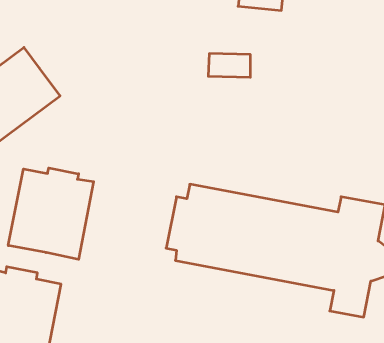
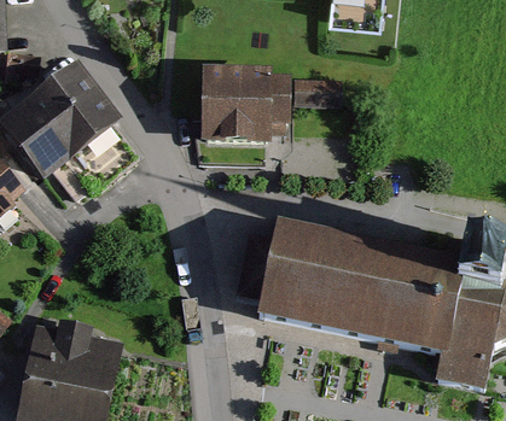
building: none -> [202,63,290,139]
building: [8,168,94,259] -> none

